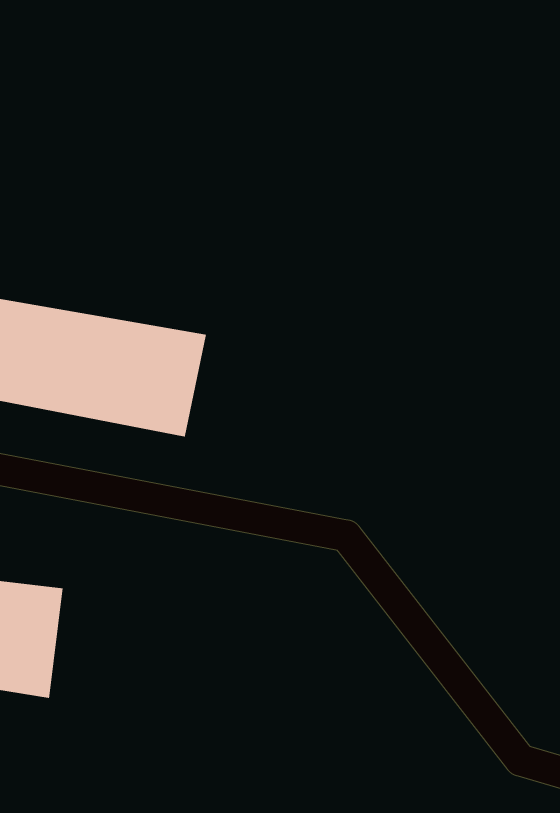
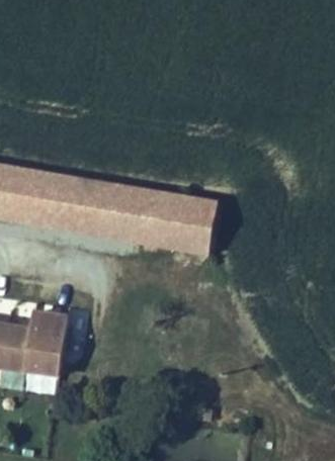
building: none -> [132,187,220,255]

